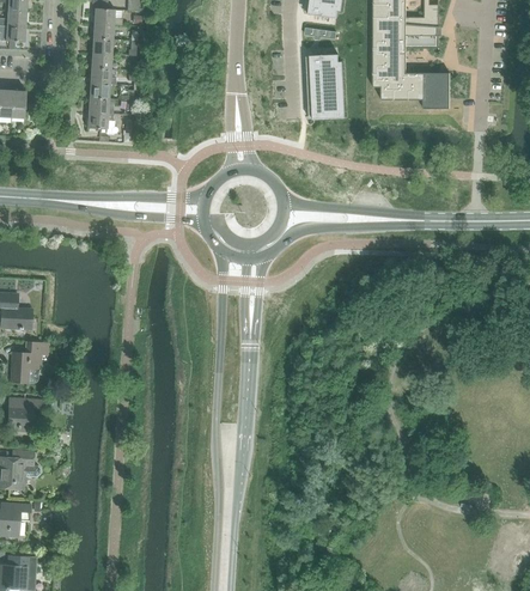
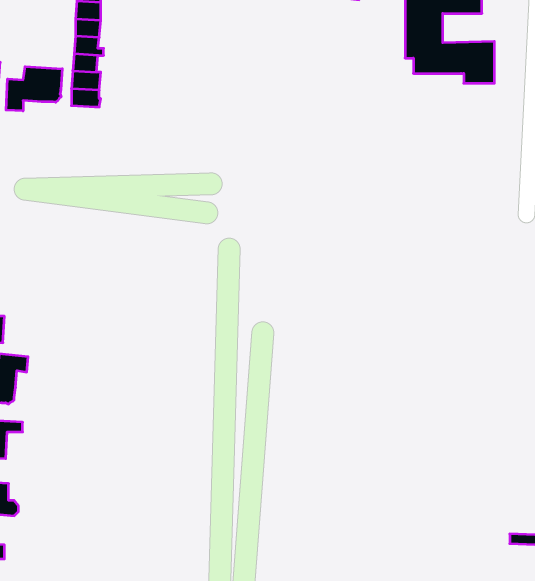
building: [310,55,341,118] -> none
building: none -> [6,67,62,111]

